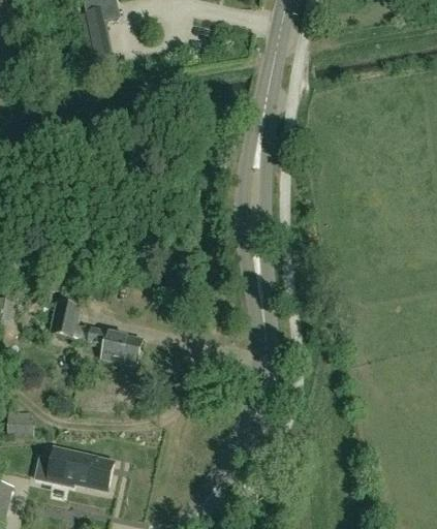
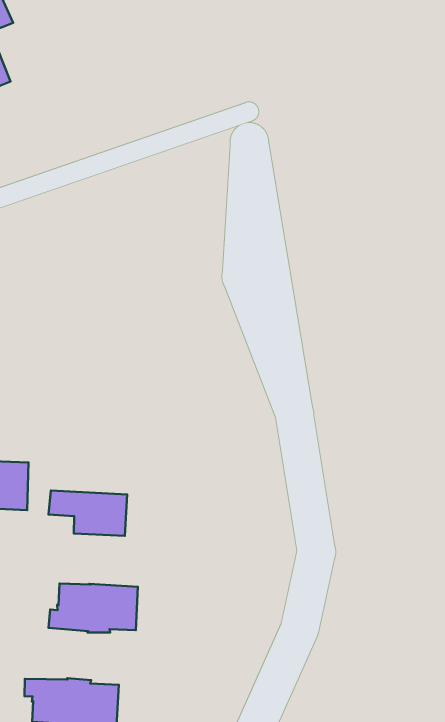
building: none -> [49,584,138,633]

